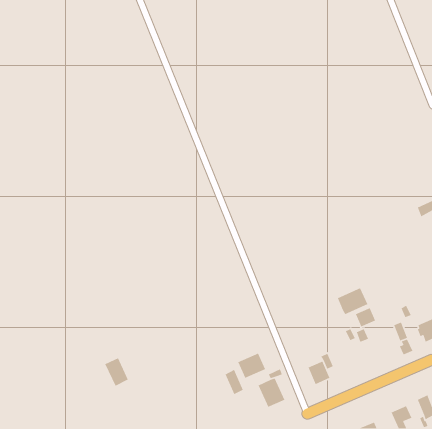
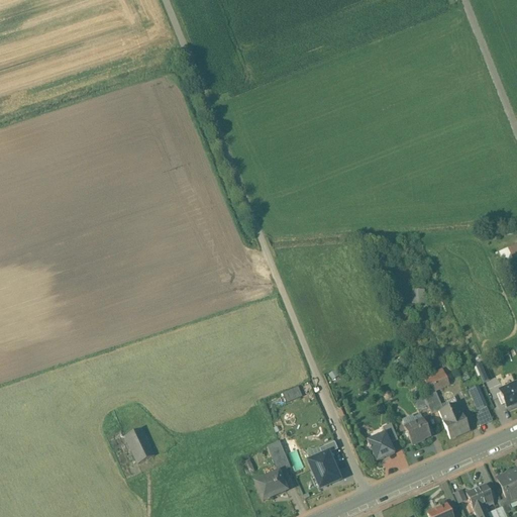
building: [337,287,369,315] -> none
building: none -> [439,401,470,436]
building: none -> [405,417,430,443]
building: [237,353,266,379] -> [255,472,290,503]

